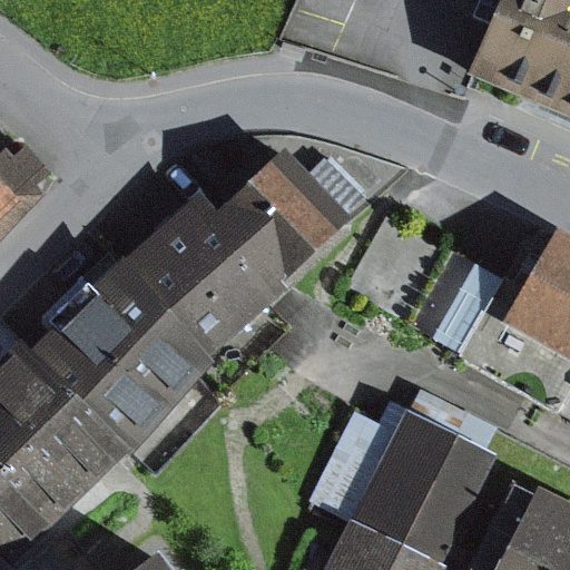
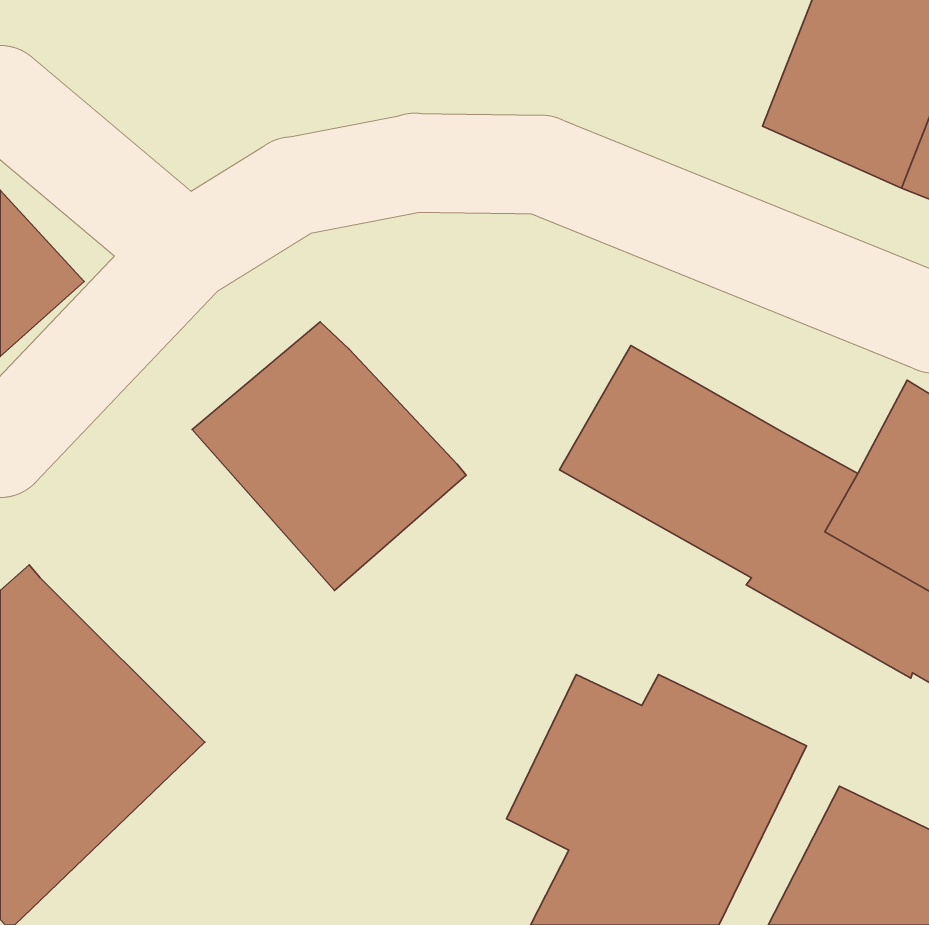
building: [216,149,366,283] -> none
building: [28,262,212,454] -> none

